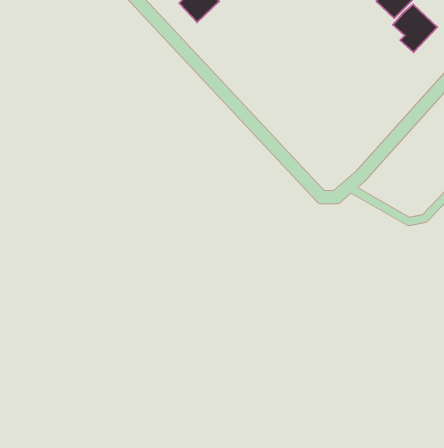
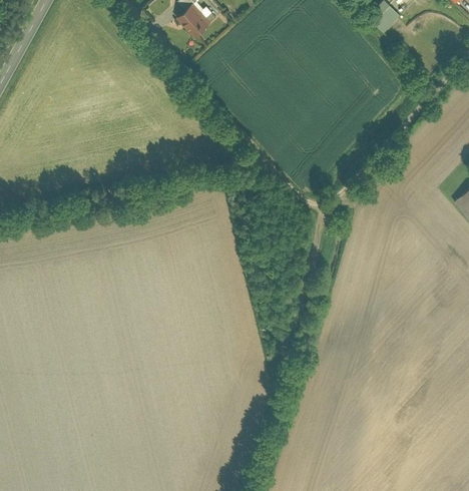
building: [393,4,437,52] -> none

